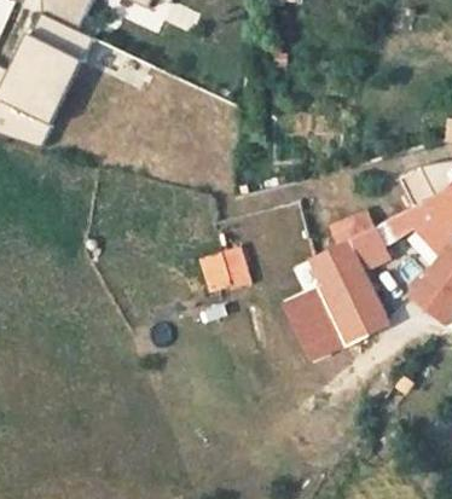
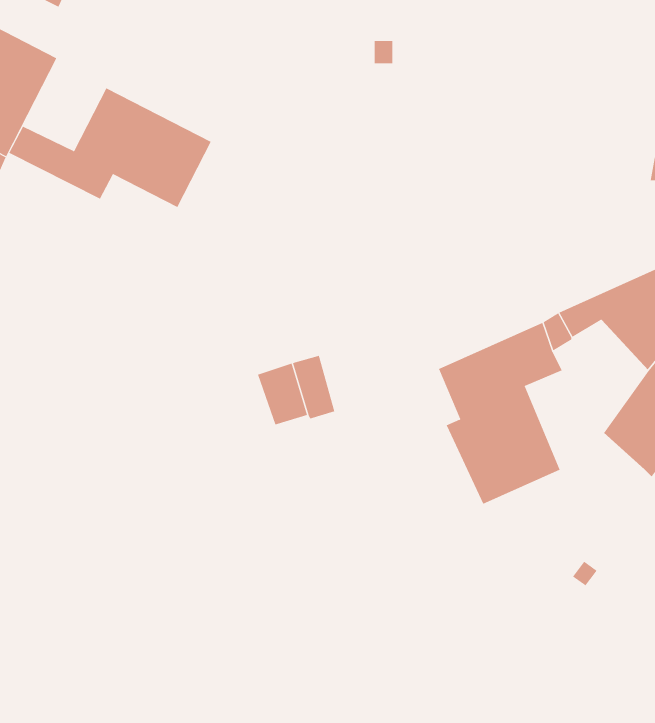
building: none -> [8,87,211,208]
building: [291,291,342,353] -> none

